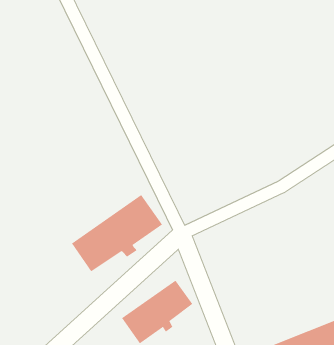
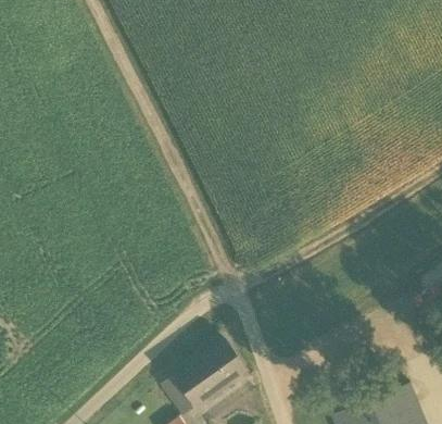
building: [71,194,163,272] -> none

